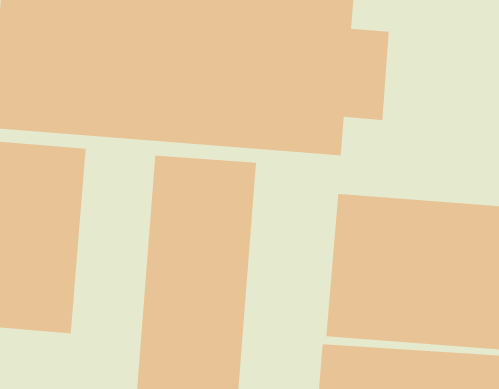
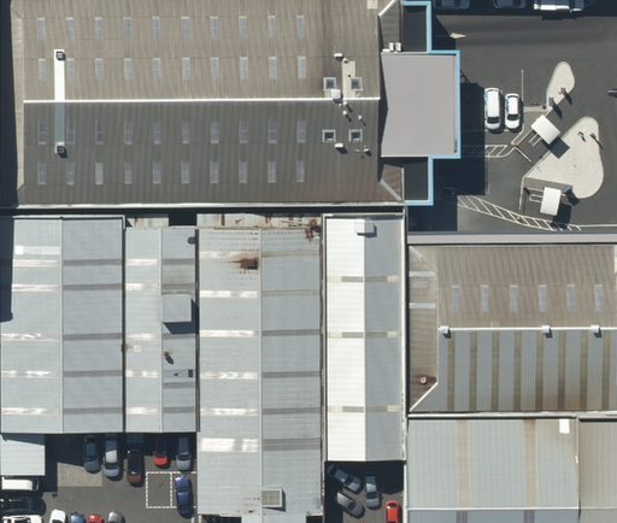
building: none -> [124,229,195,433]
building: none -> [324,218,402,458]

